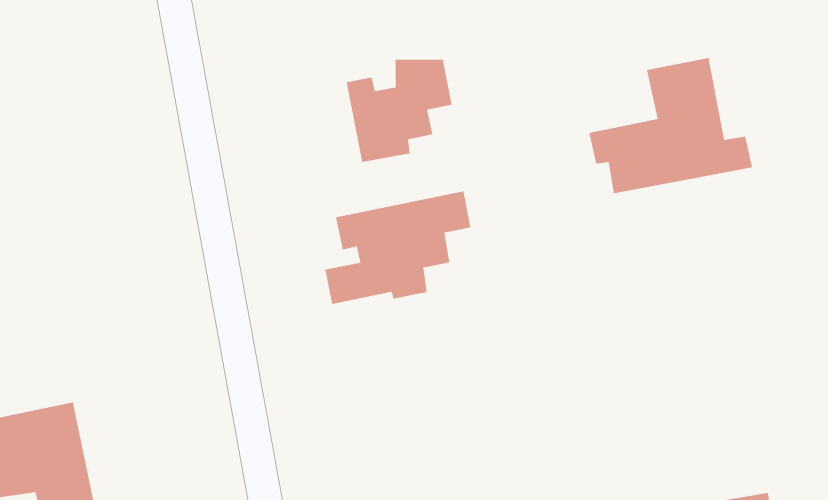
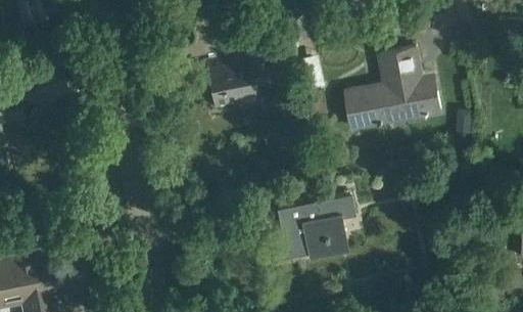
building: [325,191,471,304] -> [271,198,356,265]

